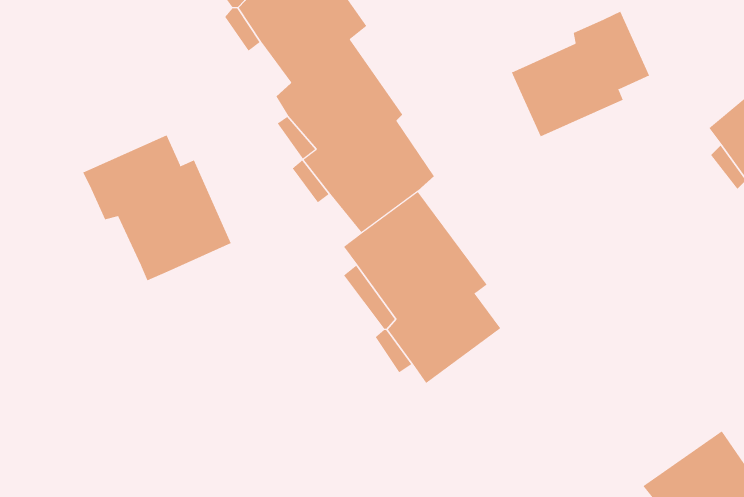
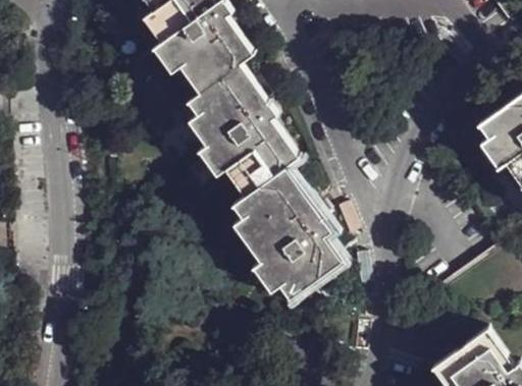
building: [511,11,650,137] -> none
building: [82,134,232,281] -> none

